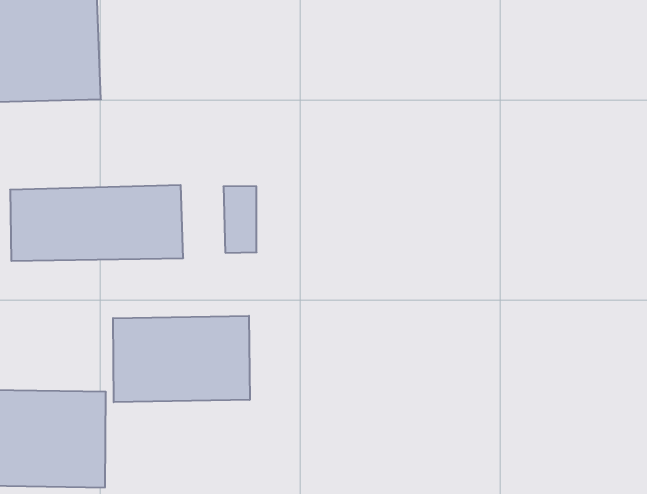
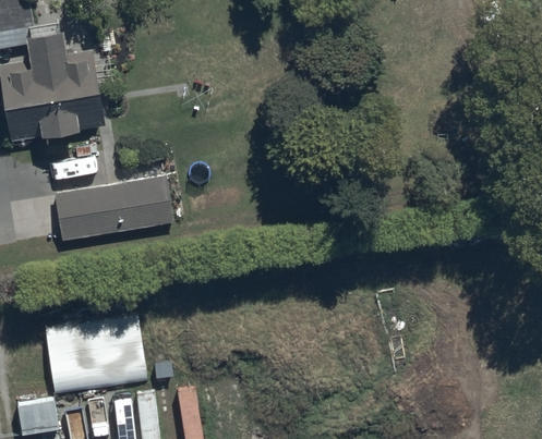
building: [113,316,250,402] -> none

